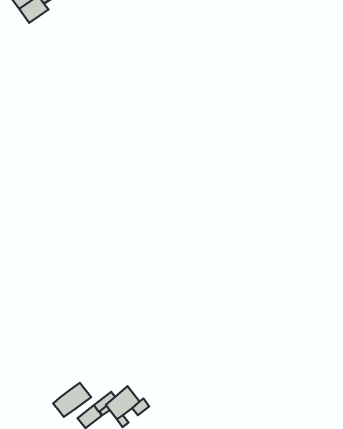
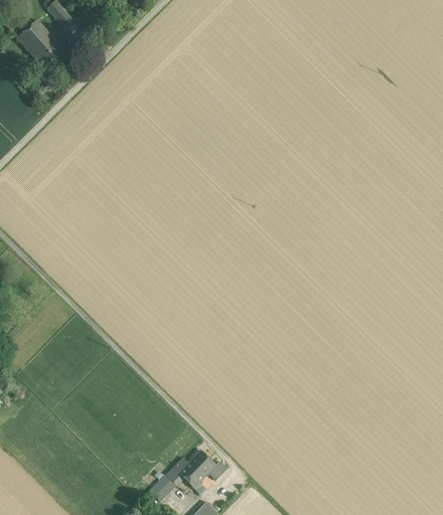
building: [53,383,91,417] -> none

